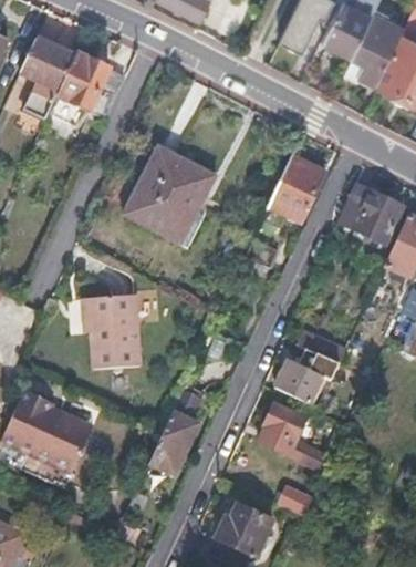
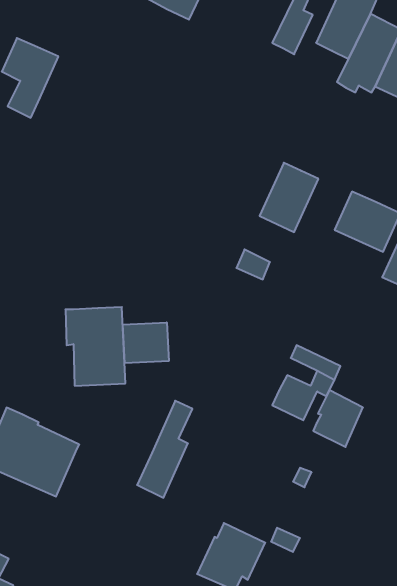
building: [58,51,125,117] -> none
building: [122,144,216,247] -> none
building: none -> [123,322,169,363]
building: [259,402,306,456] -> [313,390,363,447]

